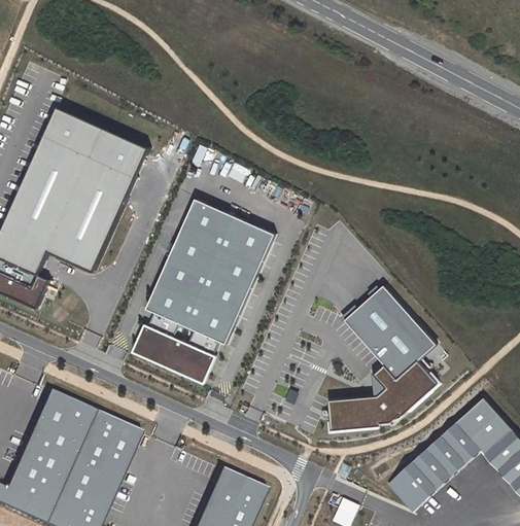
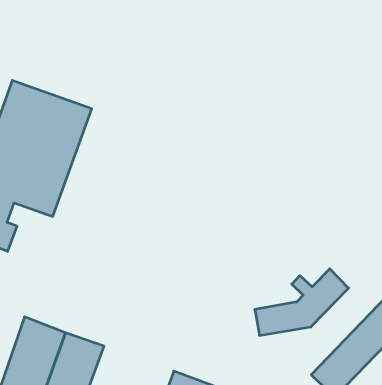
building: [138,198,276,377] -> none
building: [341,284,434,379] -> none

